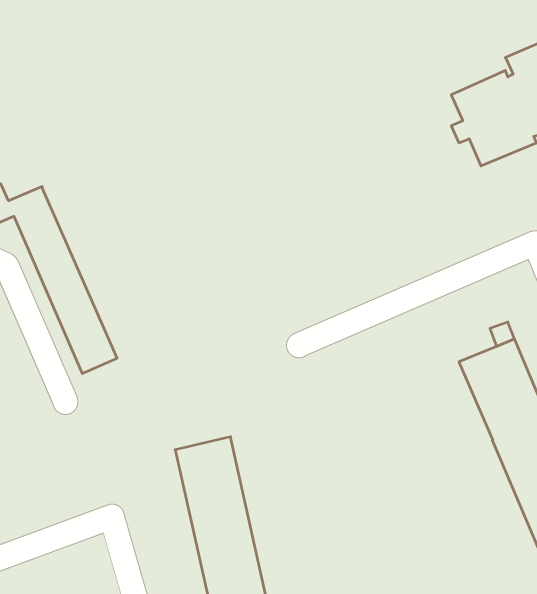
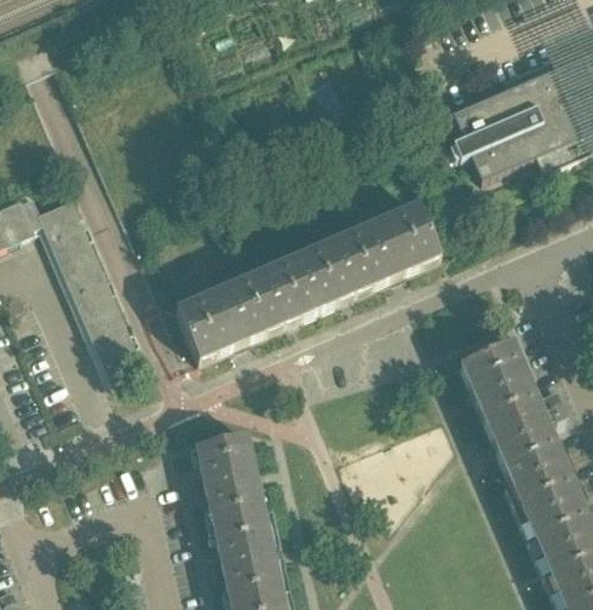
building: none -> [174,202,441,359]

